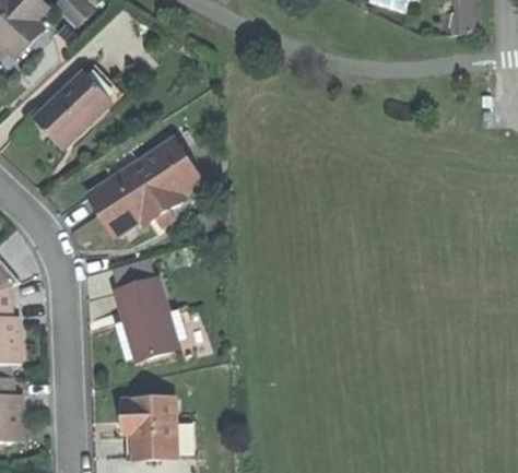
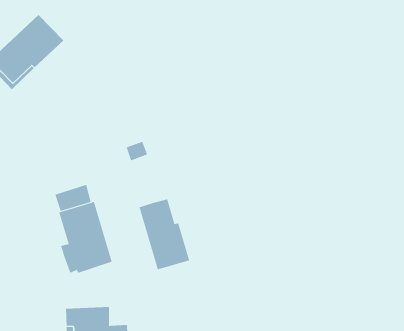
building: [94,139,200,232] -> none
building: none -> [139,199,190,270]

